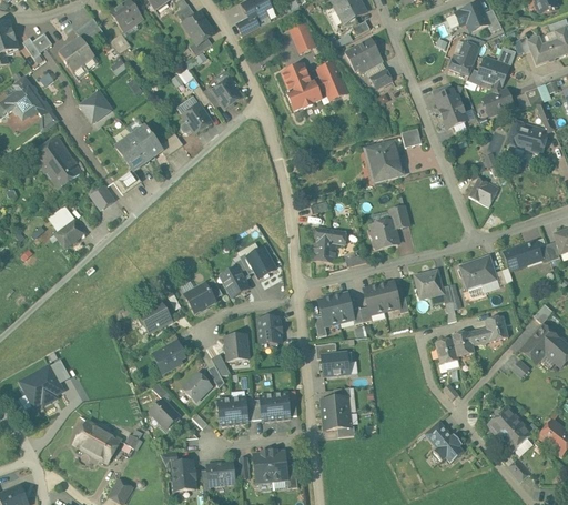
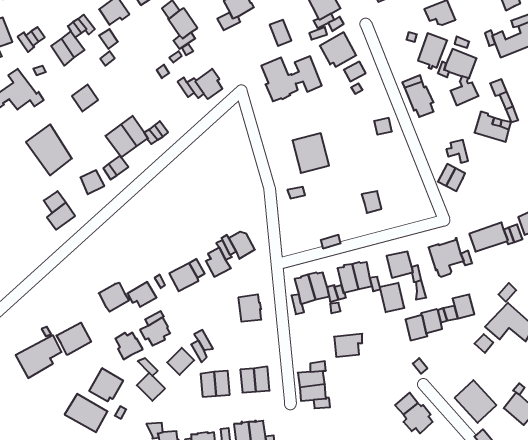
building: [181,102,212,133] -> none
building: [365,140,404,182] -> [292,133,329,173]
building: [372,219,398,248] -> none
building: [313,228,346,261] -> none
building: none -> [99,283,129,312]
building: none -> [380,283,404,312]
building: [225,333,248,360] -> none
building: none -> [56,323,91,355]
building: [322,351,352,375] -> [334,334,362,357]
building: none -> [115,332,142,360]
building: none -> [89,368,123,401]

